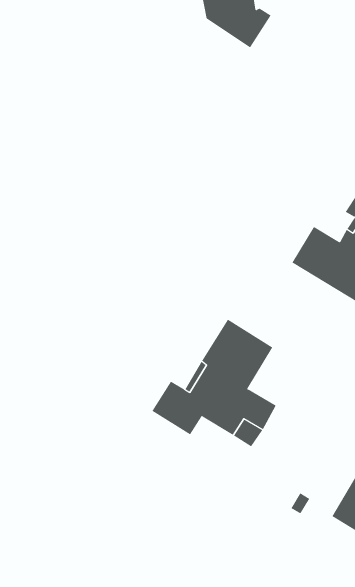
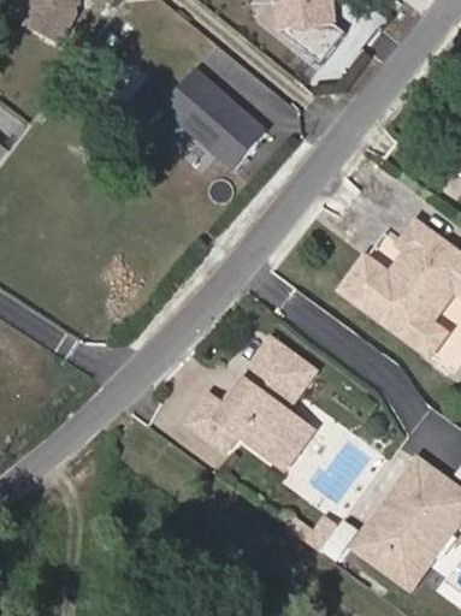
building: none -> [169,72,268,165]

